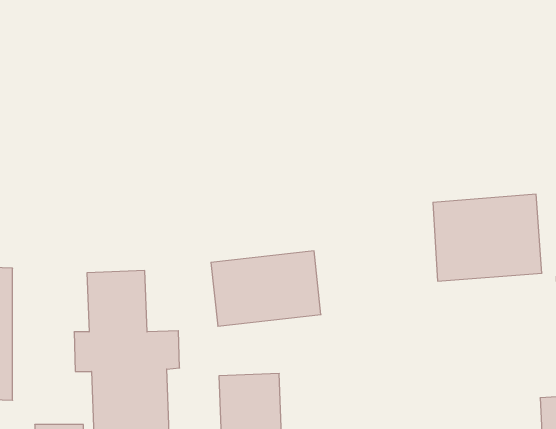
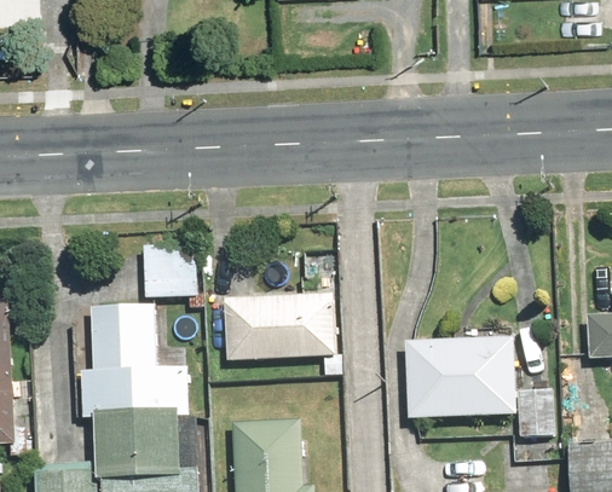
building: [433,194,542,281] -> [406,335,520,426]
building: none -> [142,244,198,293]

